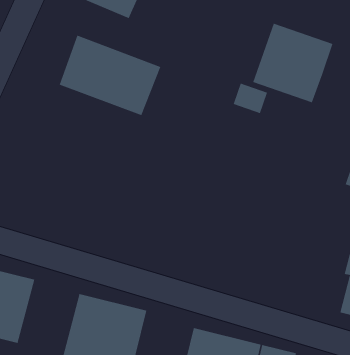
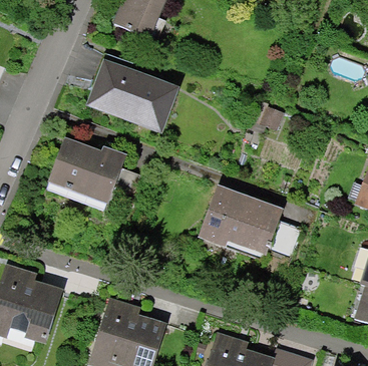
building: [253,23,333,103] -> none
building: none -> [47,139,125,209]
building: none -> [202,188,286,257]

